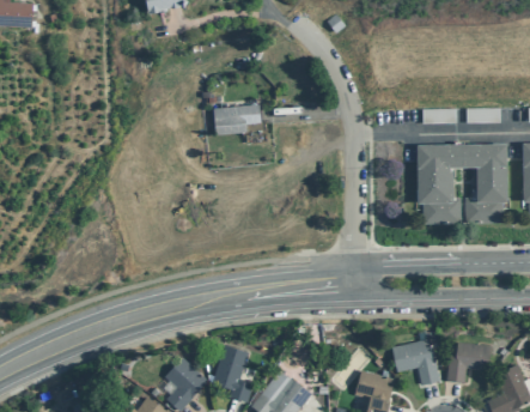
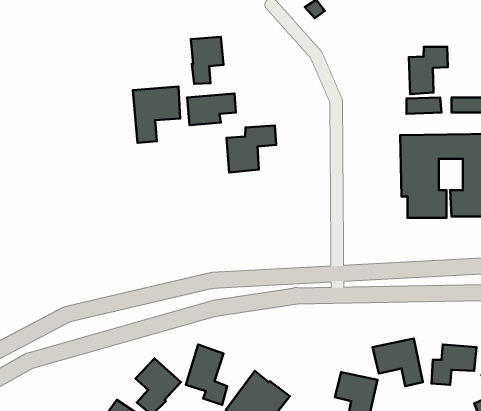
building: none -> [191,37,224,84]
building: none -> [409,47,448,94]
building: none -> [133,87,180,143]
building: none -> [227,126,276,173]

